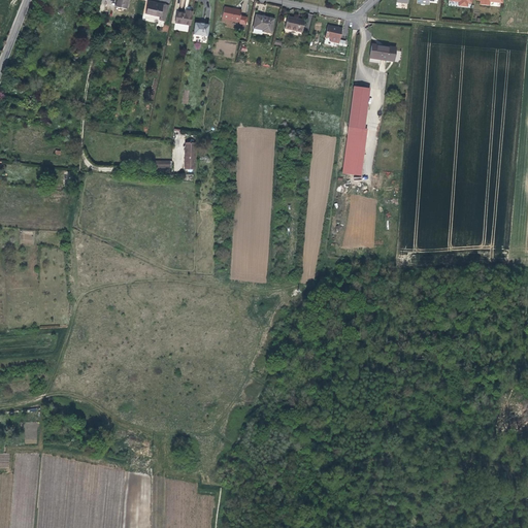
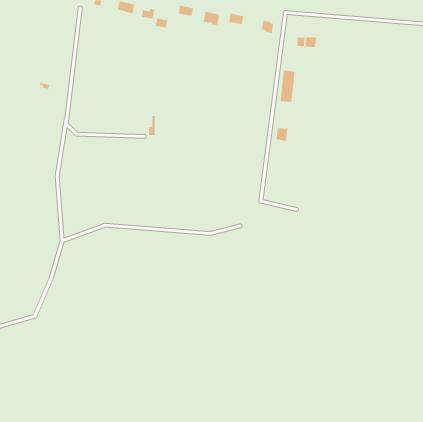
building: [345,136,366,161] -> none

